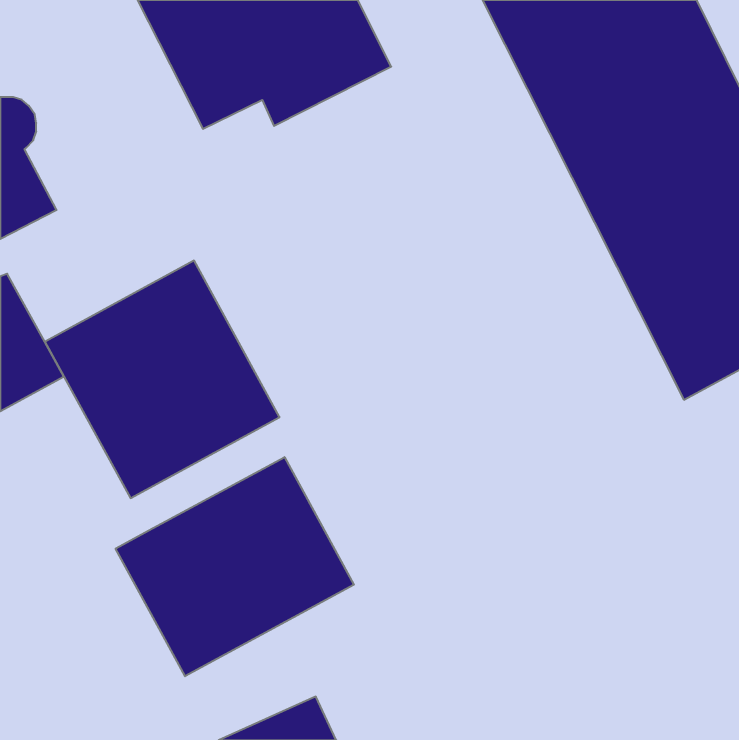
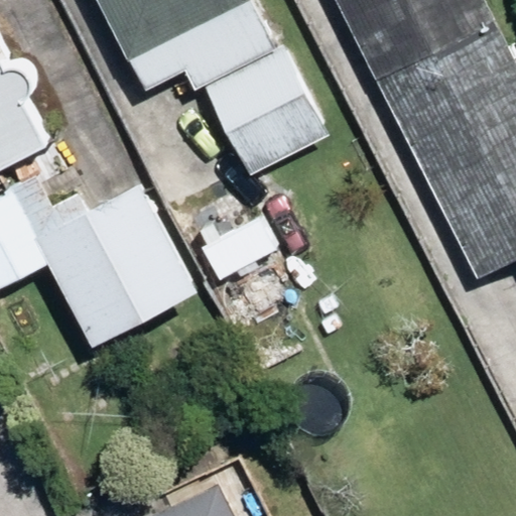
building: none -> [205,49,327,174]
building: [116,457,354,676] -> none

